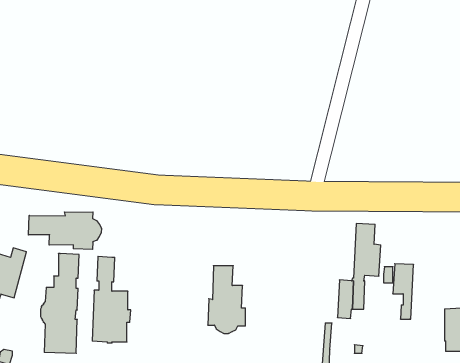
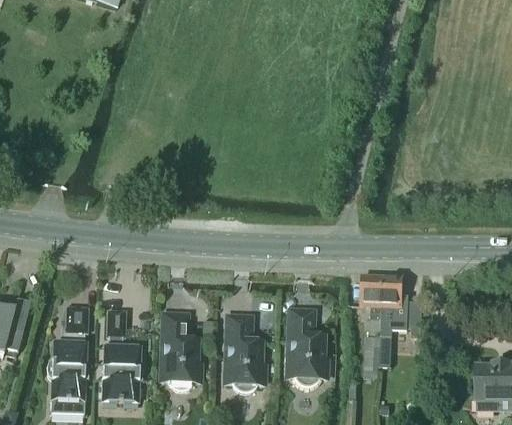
building: [28,212,101,249] -> none
building: none -> [286,312,327,384]
building: none -> [160,315,200,388]
building: [393,264,414,319] -> [360,272,382,331]

